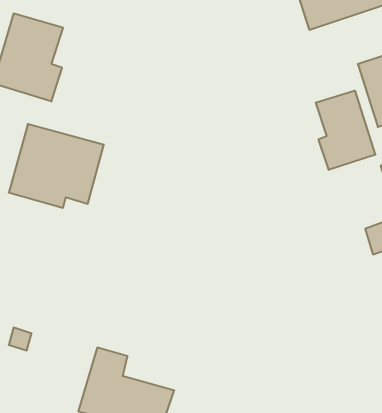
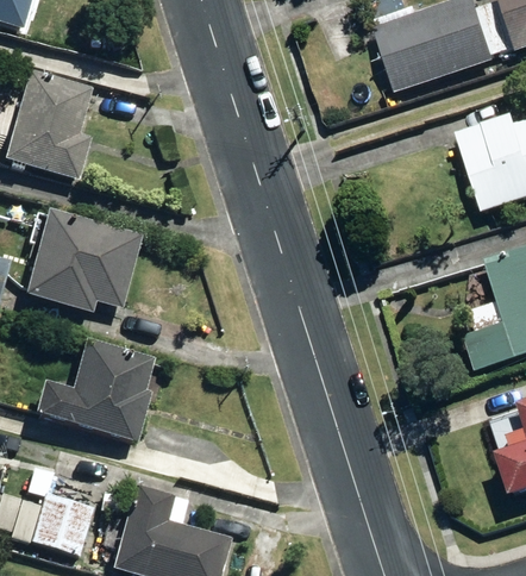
building: [316,91,375,170] -> none
building: none -> [35,337,151,440]
building: none -> [30,494,90,555]

